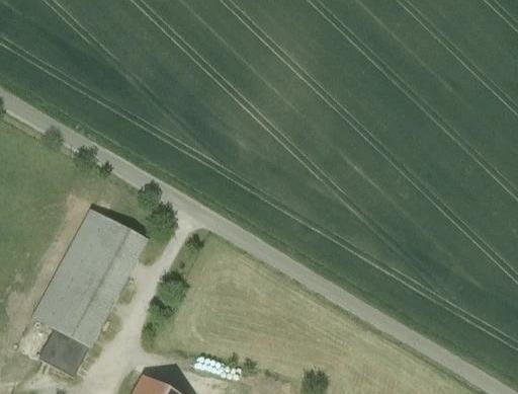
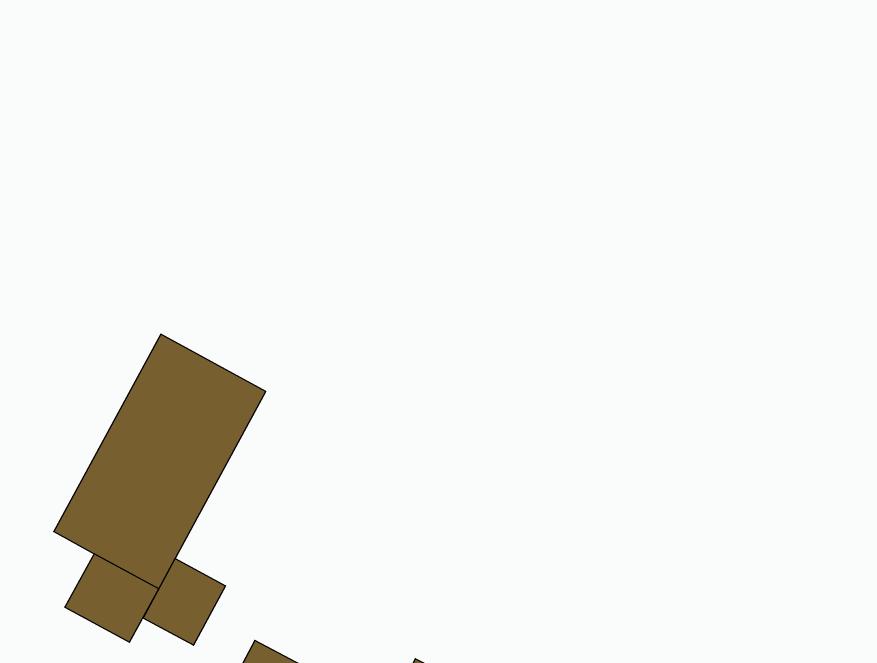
building: none -> [143,559,225,645]

